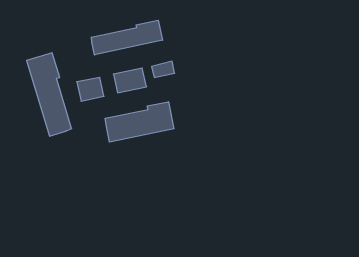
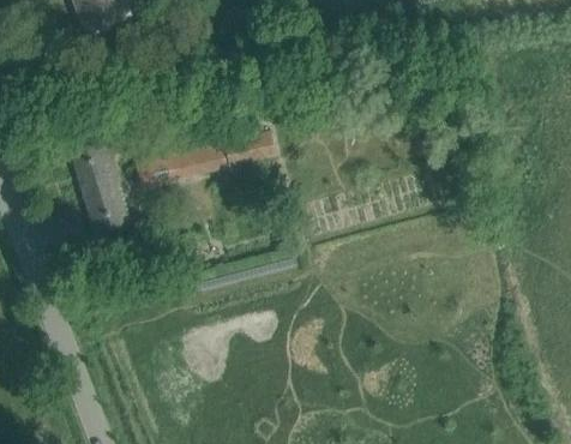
building: [92,20,163,55] -> none
building: [105,102,174,142] -> none

